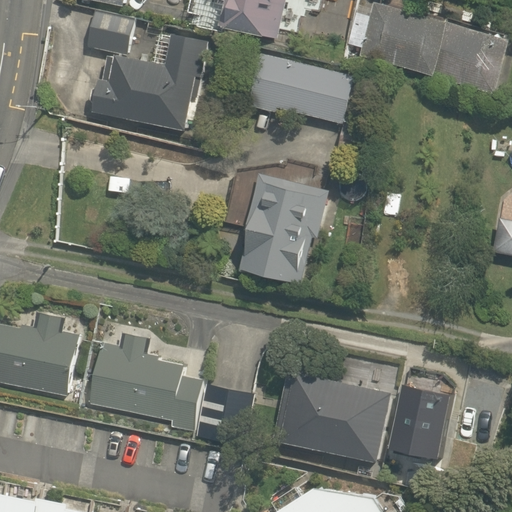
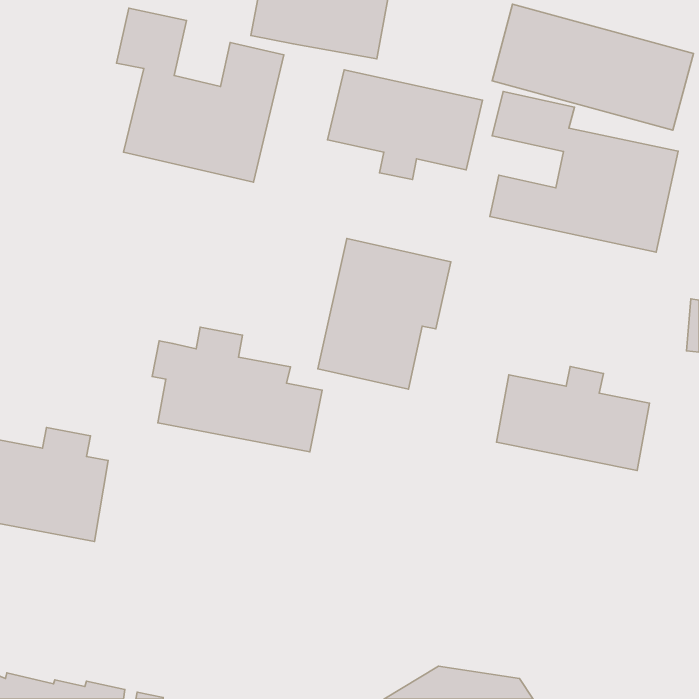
building: none -> [490,91,678,252]
building: none -> [497,367,650,471]
building: [83,334,207,425] -> [152,327,322,452]
building: [271,365,453,466] -> none

